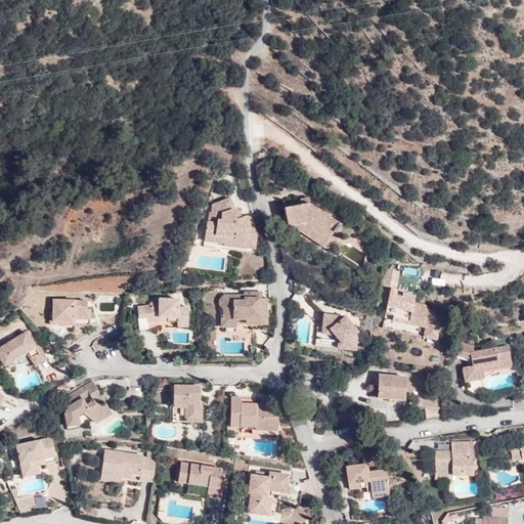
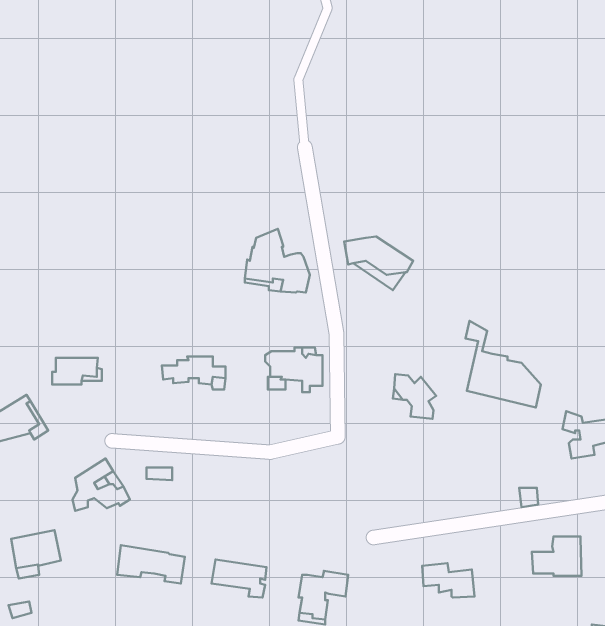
building: [374,375,405,397] -> none
building: [174,385,203,421] -> none
building: [231,396,278,430] -> none

